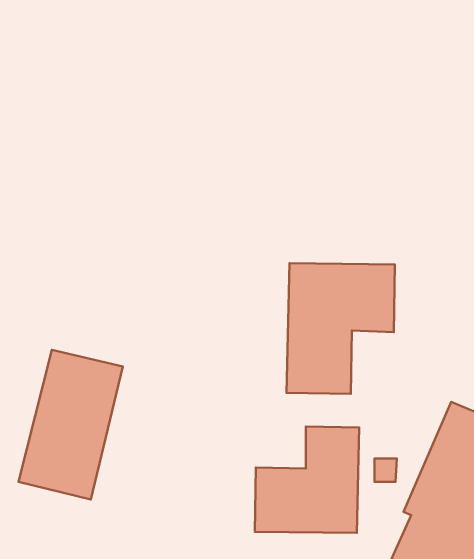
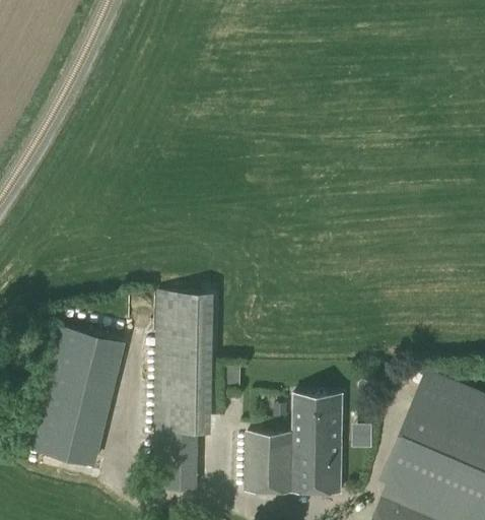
building: [287,263,395,394] -> none
building: none -> [153,292,214,490]

